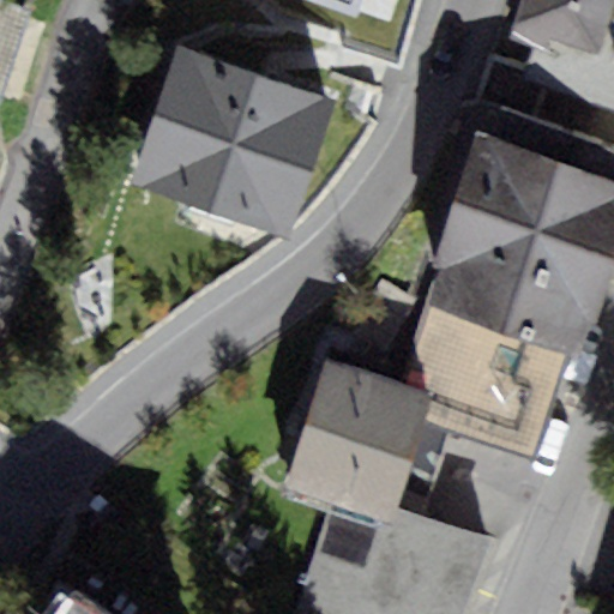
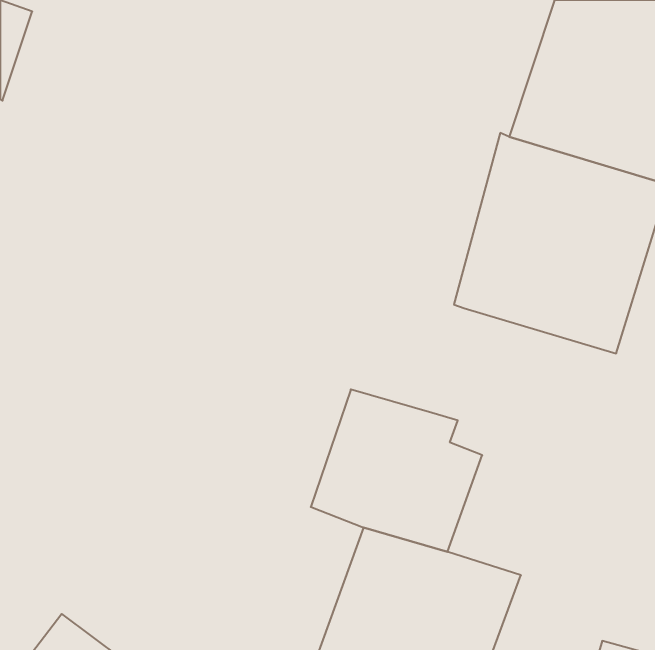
building: [140,49,318,206] -> none
building: [405,295,577,456] -> none

